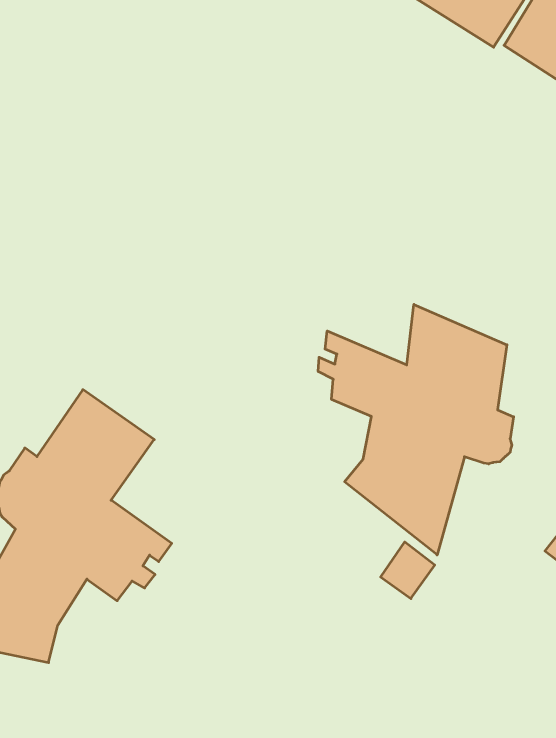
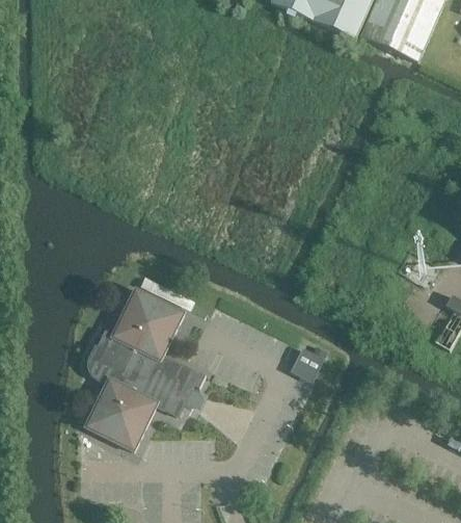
building: [318,304,514,555] -> none
building: [381,542,435,599] -> [291,347,323,382]

